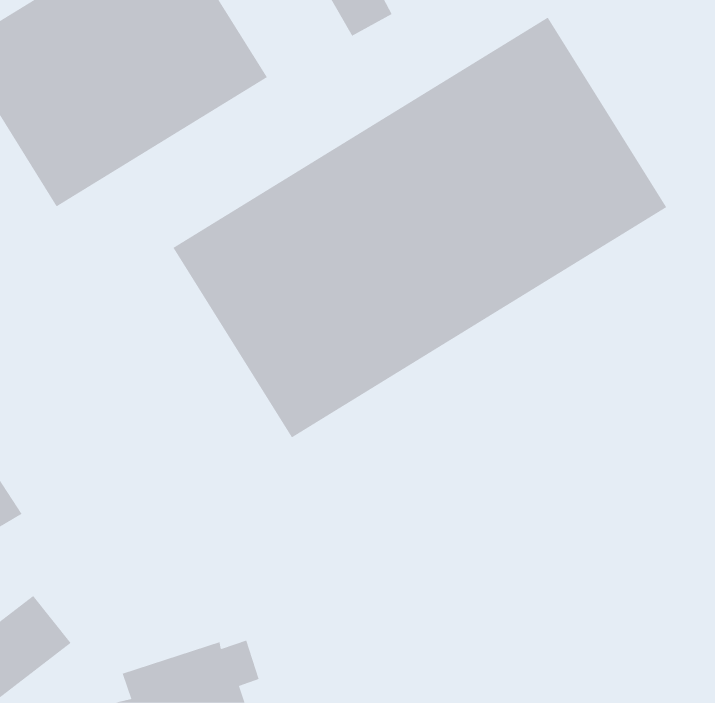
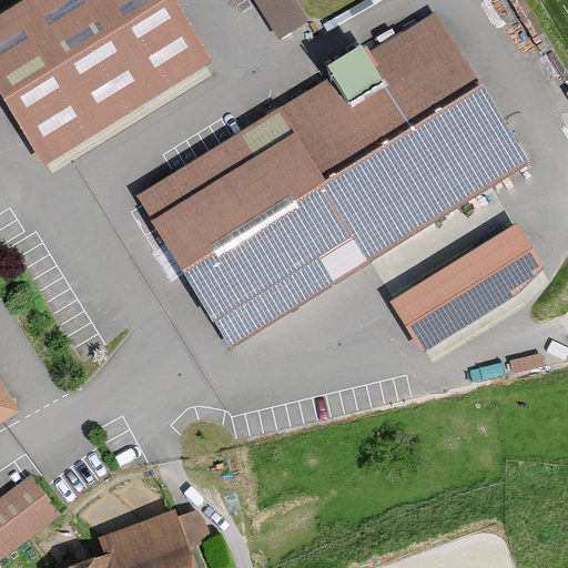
building: none -> [393,227,544,354]

